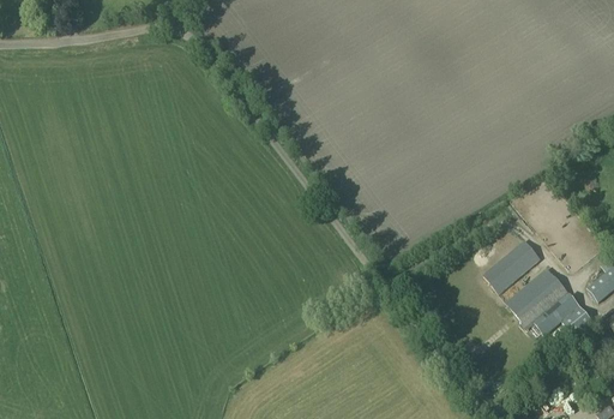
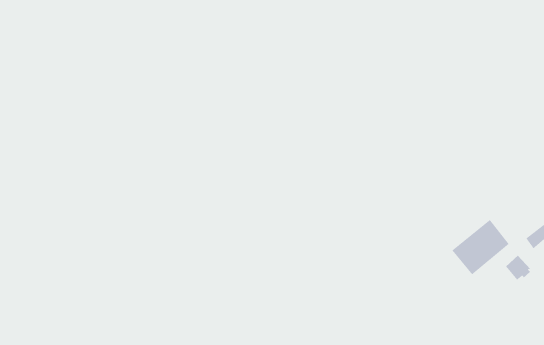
building: [482,239,542,294] -> none

